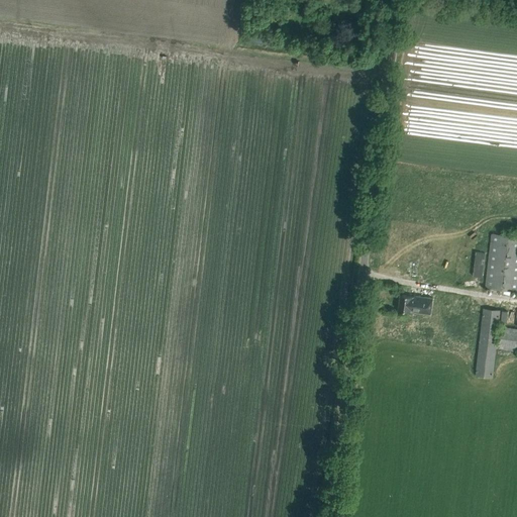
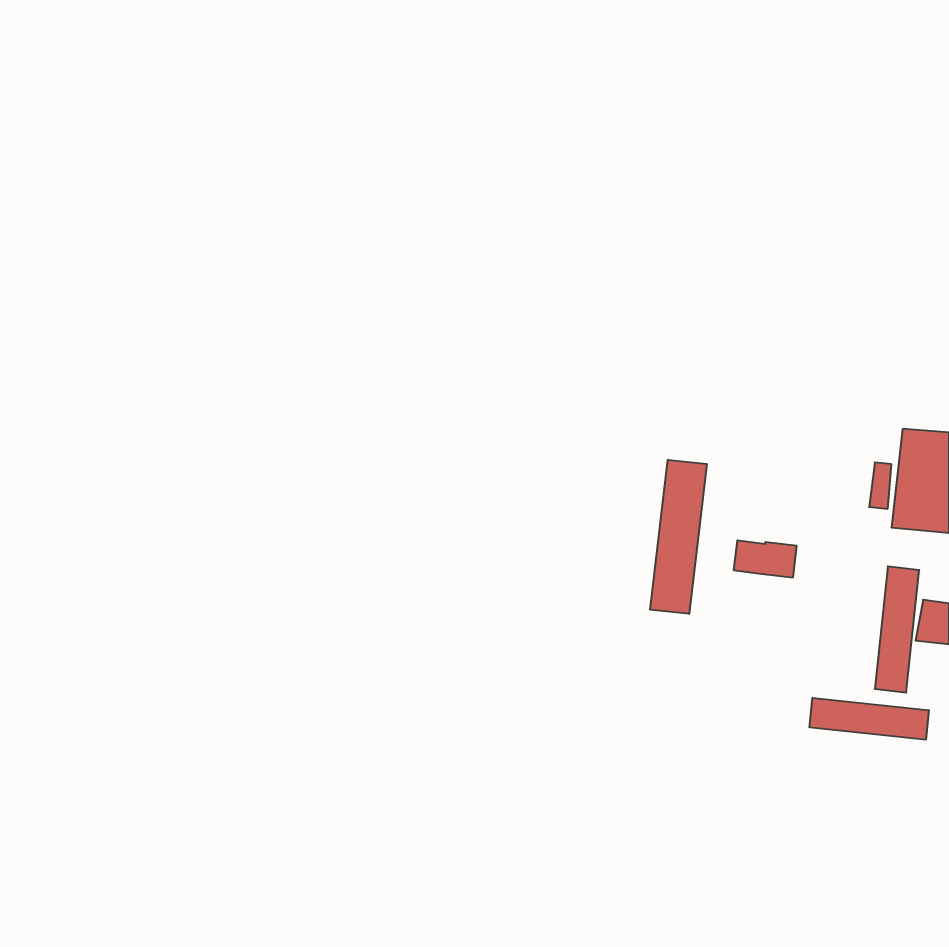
building: none -> [650,460,707,614]
building: none -> [810,698,929,740]

